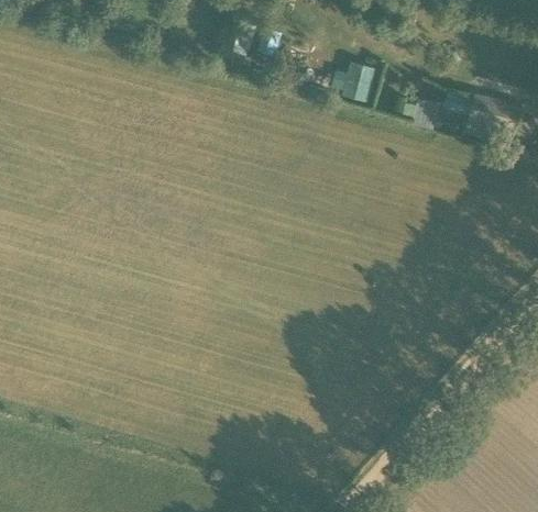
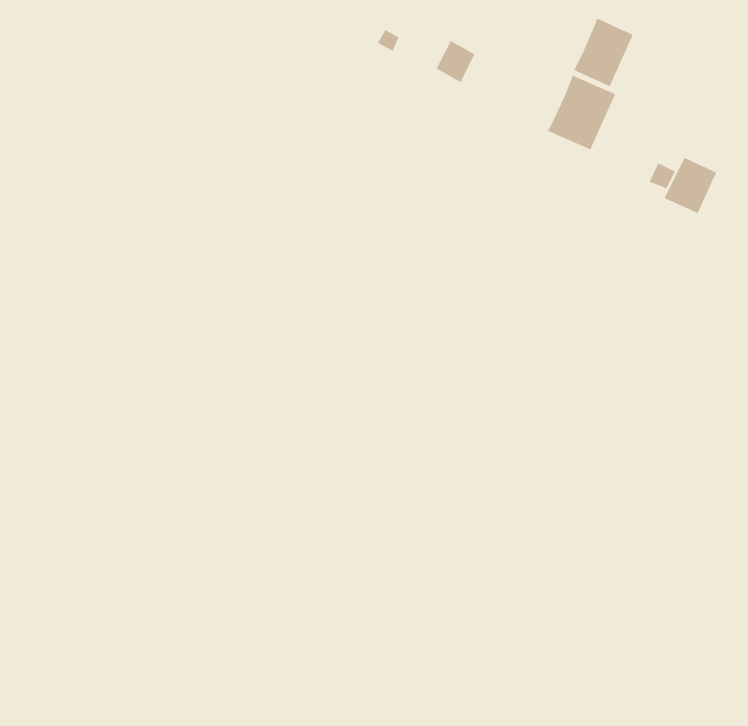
building: none -> [573,18,634,87]

